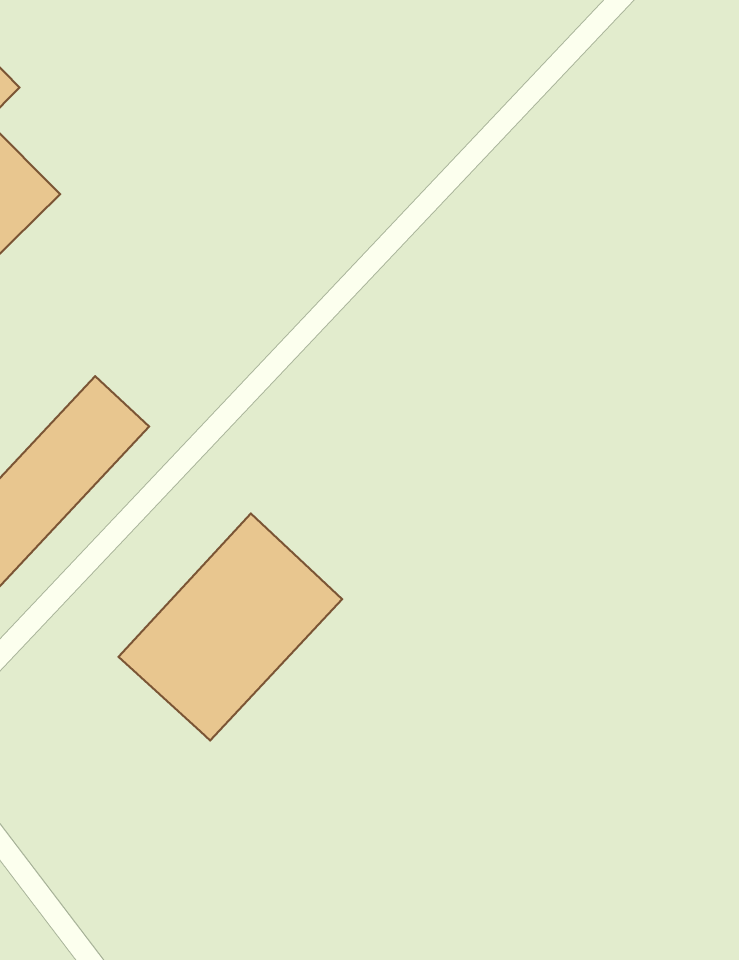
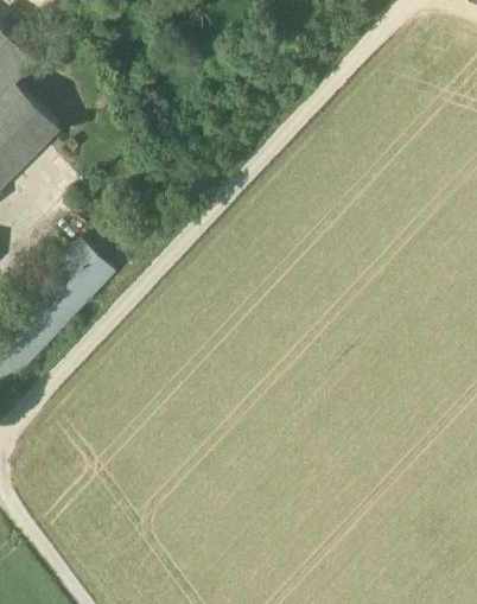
building: [119,513,342,740] -> none

